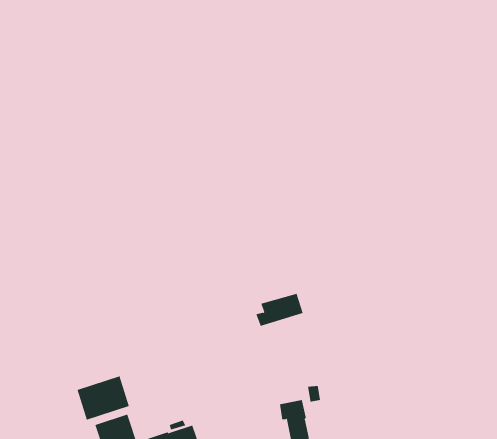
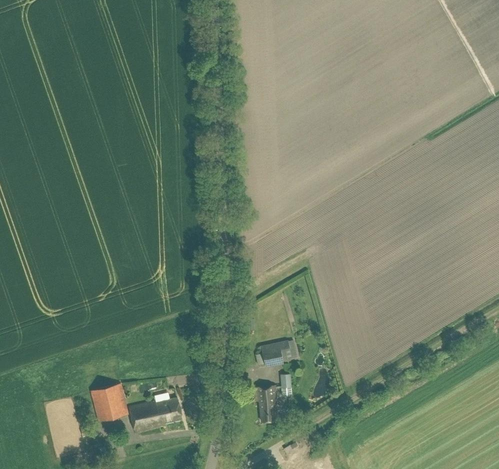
building: [256,293,304,326] -> [255,340,297,366]
building: [77,376,129,420] -> none

